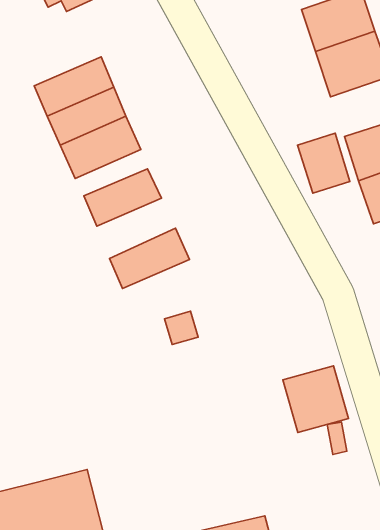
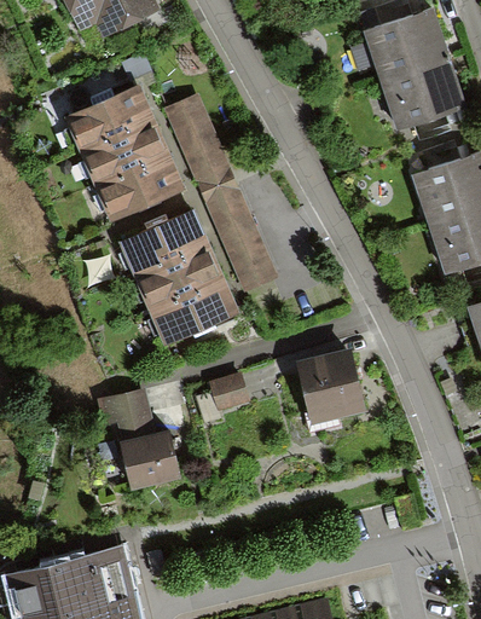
building: none -> [166,94,274,288]
building: [297,133,350,193] -> none
building: none -> [134,243,222,311]
building: none -> [98,388,179,488]
building: [283,366,349,432] -> [292,349,366,424]

